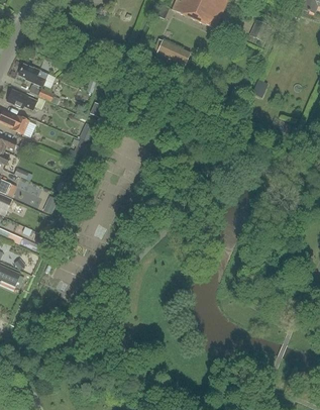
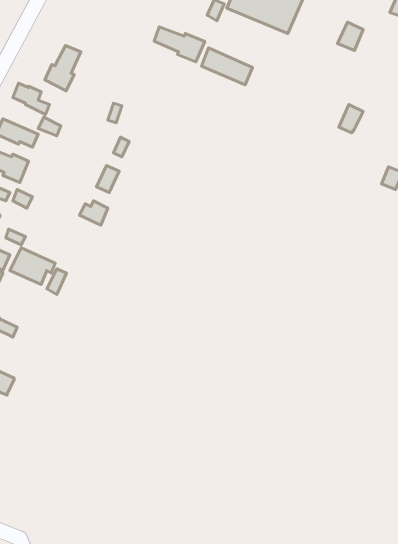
building: none -> [154,27,205,62]
building: none -> [45,46,81,91]

